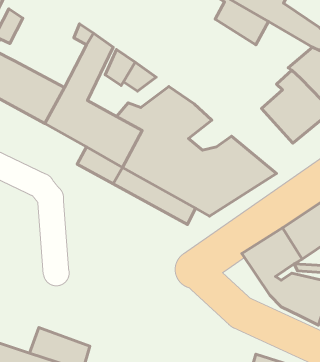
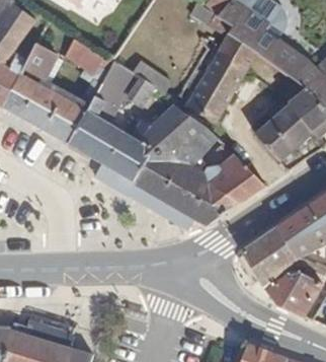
building: none -> [183,51,251,127]

